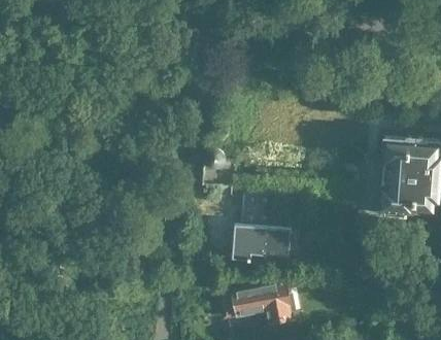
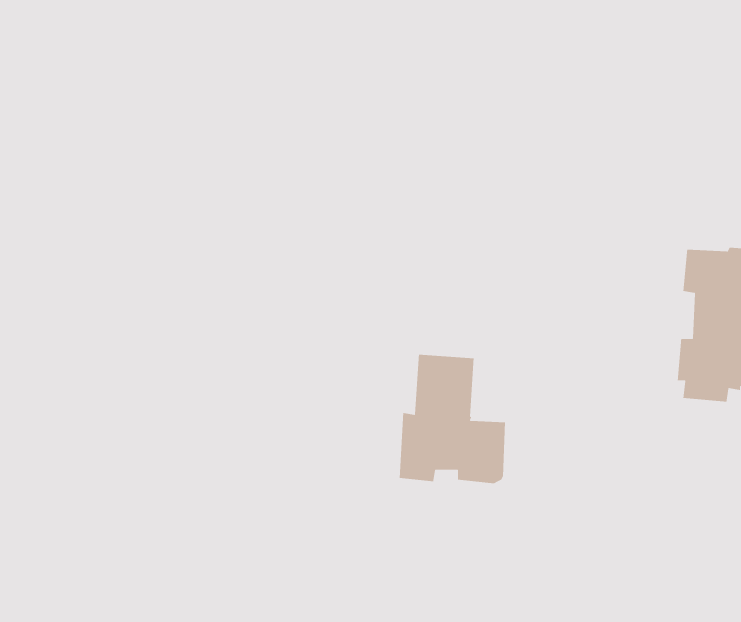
building: [219,281,294,322] -> none

